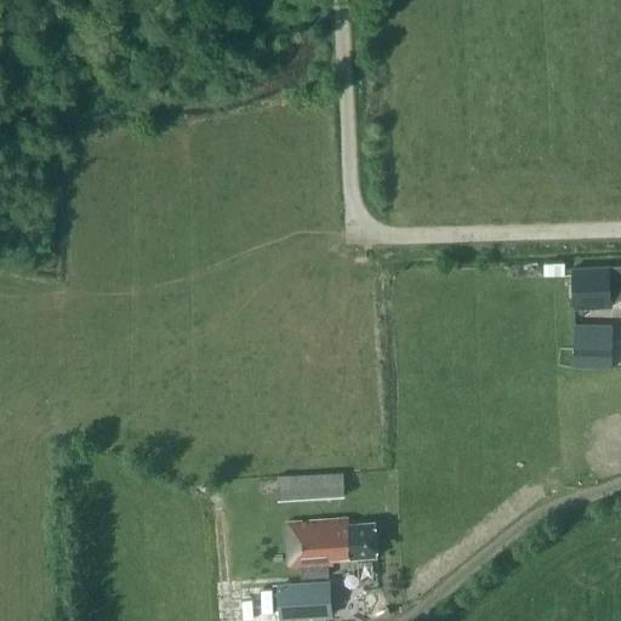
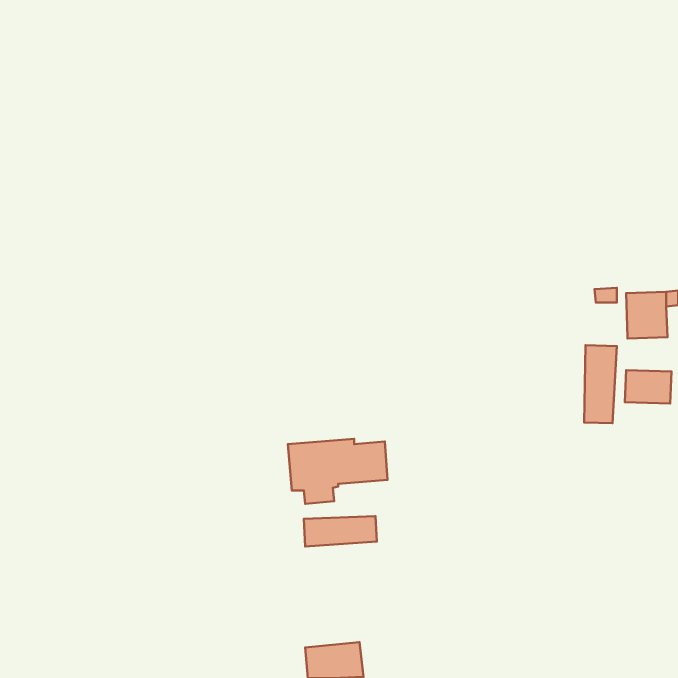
building: none -> [584,345,617,423]
building: [286,519,377,579] -> [288,439,387,504]

